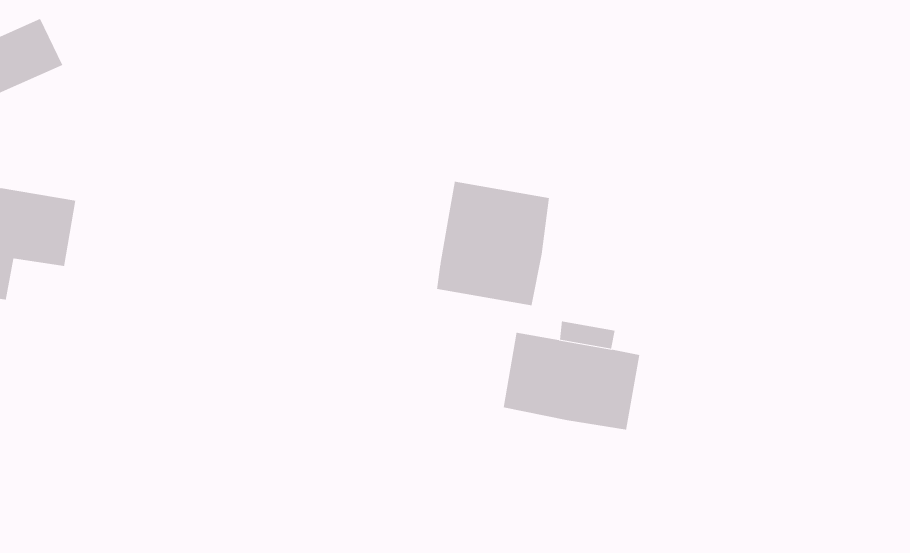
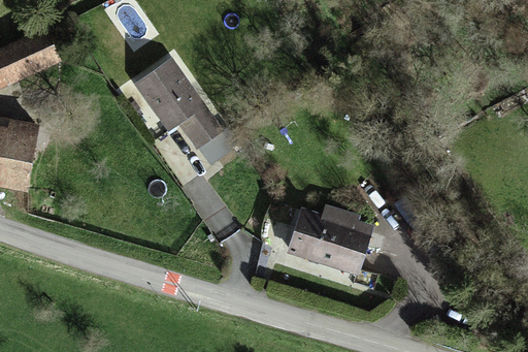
building: none -> [133,62,216,150]
building: [436,181,550,306] -> none

